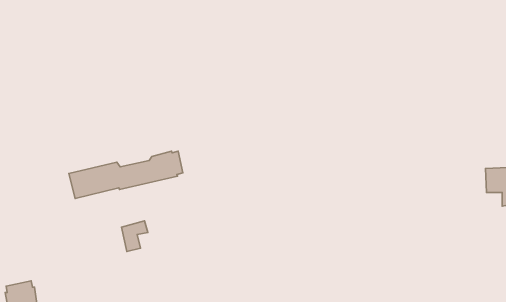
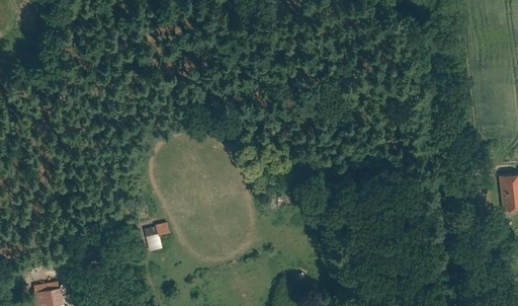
building: [69,151,183,198] -> none

